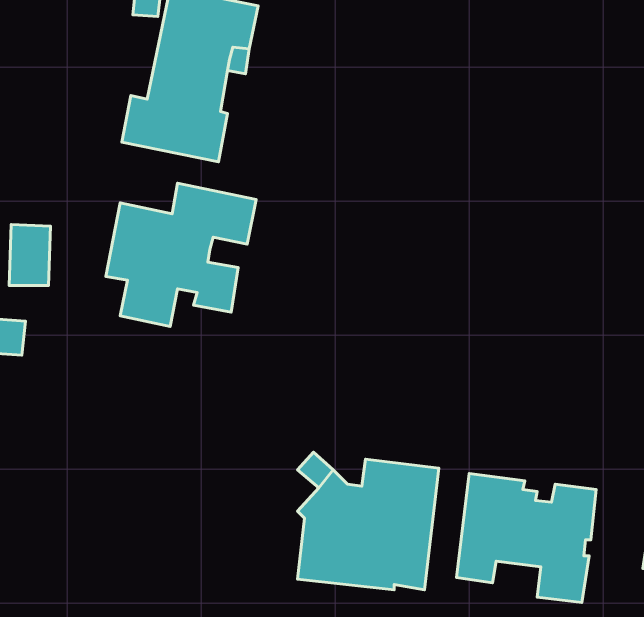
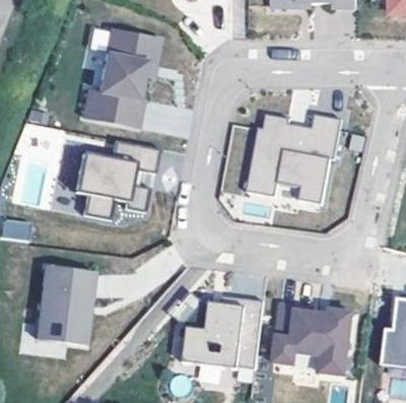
building: none -> [246,114,341,204]
building: none -> [36,264,94,343]

